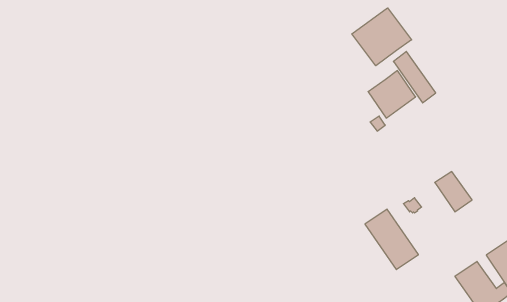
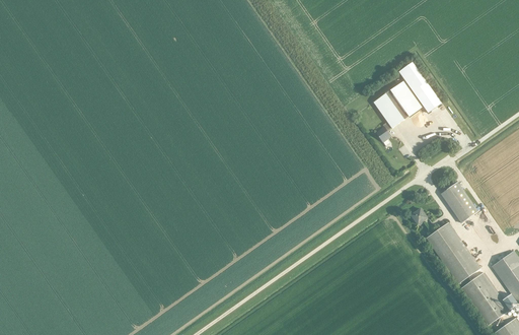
building: [352,8,412,66] -> none
building: [365,209,418,270] -> [426,222,479,283]

